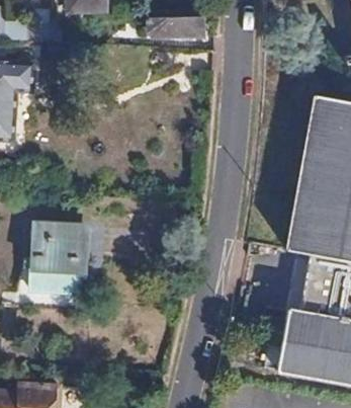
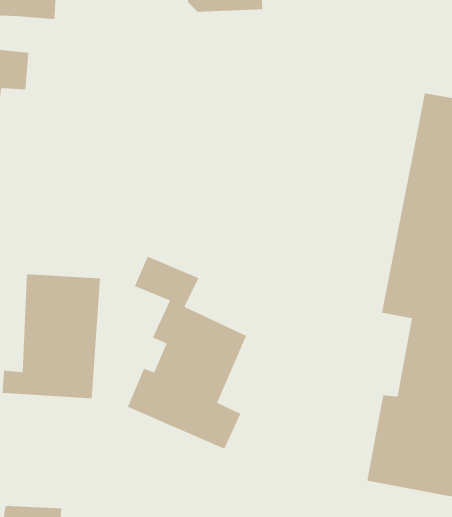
building: none -> [127,256,247,449]

